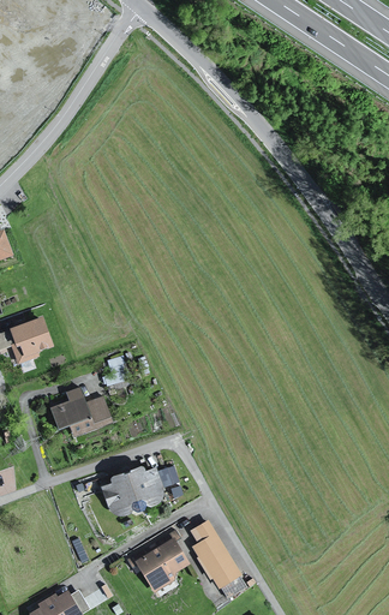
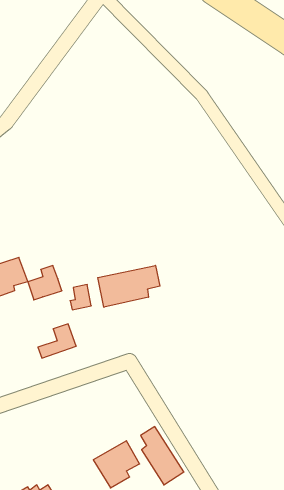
building: none -> [98,265,160,307]
building: [49,387,90,428] -> [28,266,62,300]
building: [100,464,163,514] -> none

